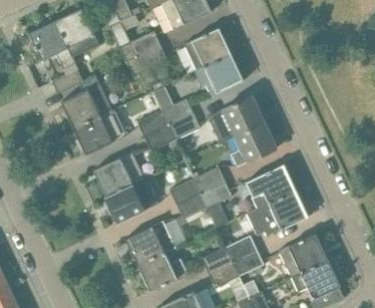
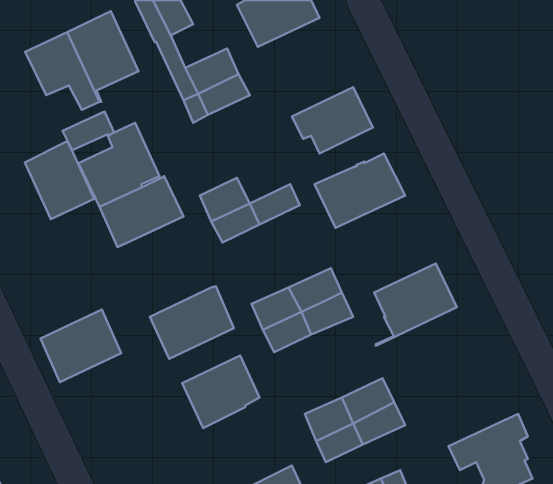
building: [183,27,233,72] -> none
building: none -> [25,141,94,219]
building: [160,98,194,126] -> none
building: [231,121,277,167] -> none
building: [94,151,144,197] -> [40,309,121,382]
building: [247,191,309,236] -> none
building: [279,233,335,277] -> none
building: [139,253,188,290] -> none

